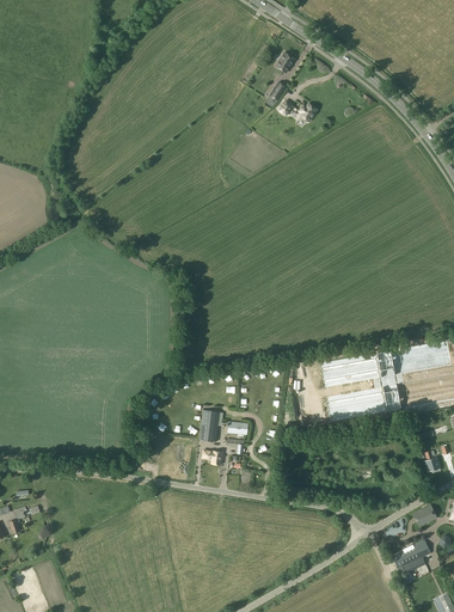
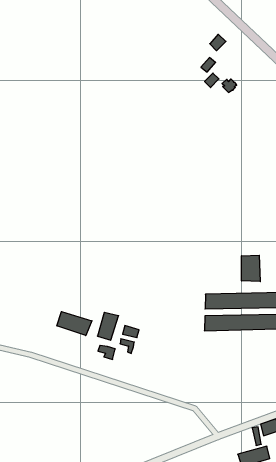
building: none -> [242,255,260,282]
building: none -> [57,312,92,336]

